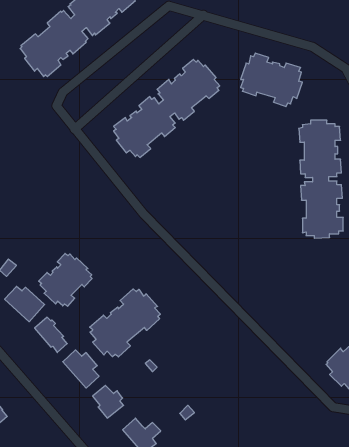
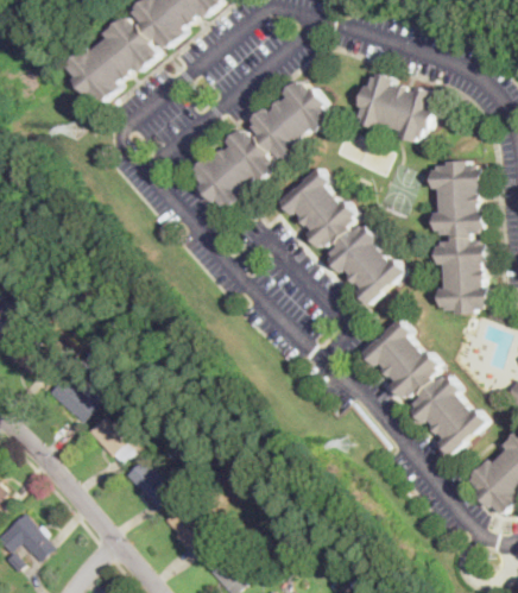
building: none -> [276,166,405,305]
building: none -> [358,317,487,455]
building: [39,253,92,306] -> none
building: [90,289,160,357] -> none

